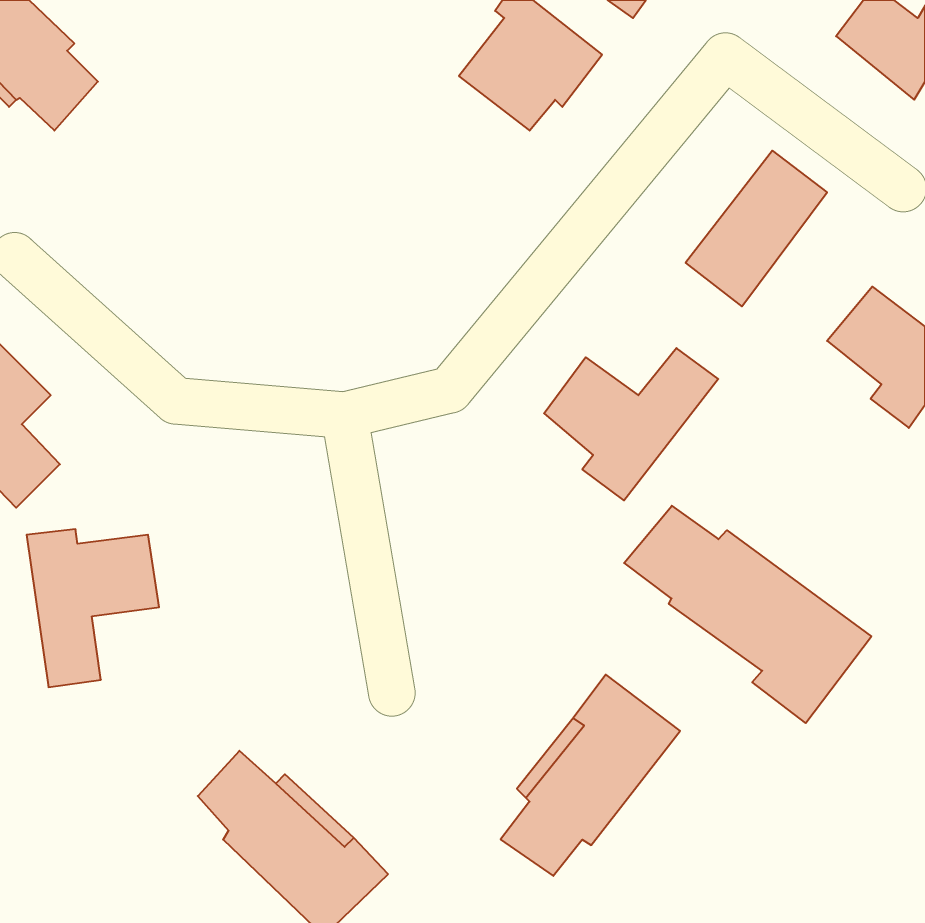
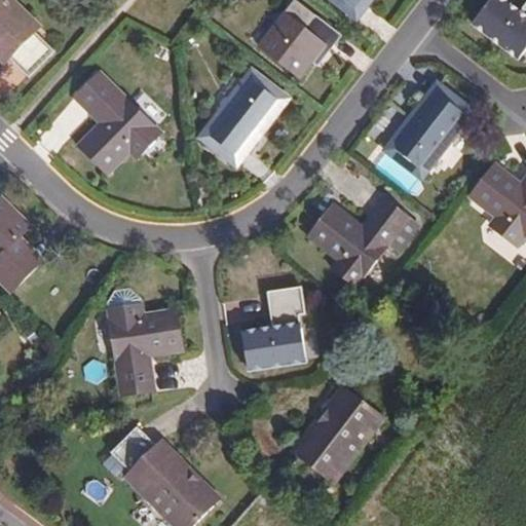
building: none -> [77,71,161,173]
building: none -> [206,73,288,160]
building: none -> [242,285,305,367]
building: [624,506,871,723] -> none
building: [27,529,159,687] -> [108,305,183,394]

